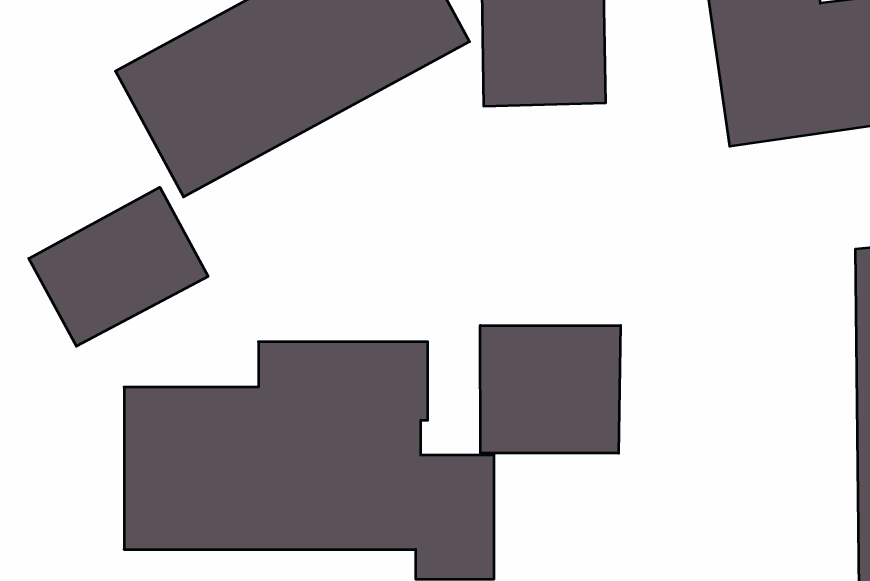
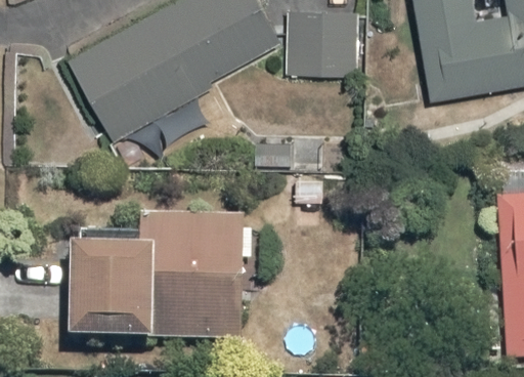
building: [29,187,208,346] -> none
building: [480,325,621,453] -> none

